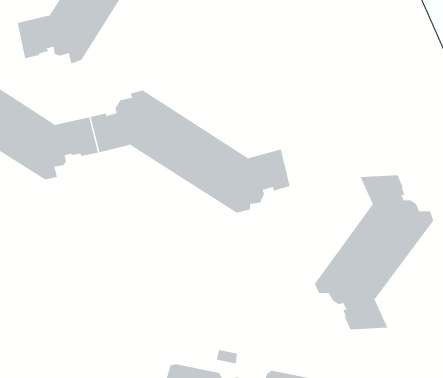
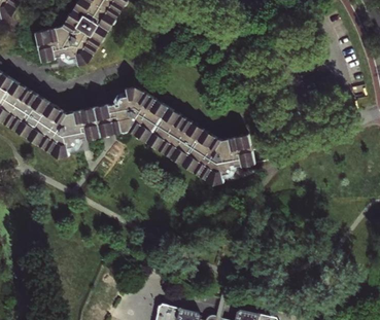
building: [314,174,434,330] -> none

